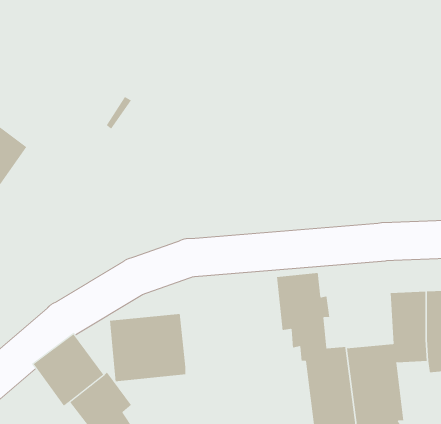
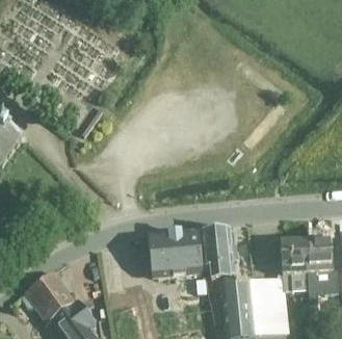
building: [109,313,186,382] -> [147,229,202,278]

